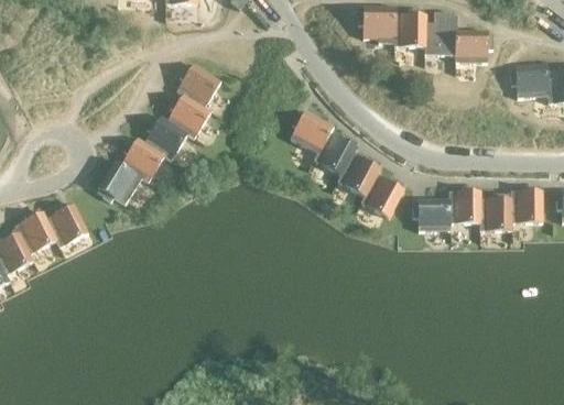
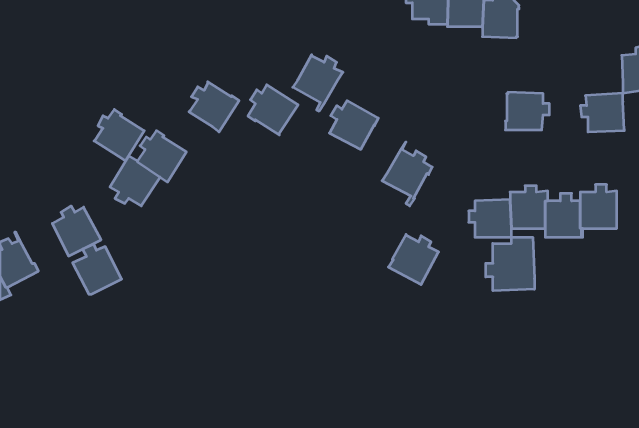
building: [455,29,494,62] -> [505,92,549,130]
building: [177,63,221,107] -> [248,85,298,135]
building: [510,63,549,97] -> [580,93,624,132]
building: [144,114,188,160] -> [94,109,144,161]
building: [314,131,358,180] -> [293,55,343,111]
building: [361,174,405,218] -> [388,234,439,285]
building: [15,209,58,253] -> [73,244,122,294]
building: none -> [486,237,534,291]

